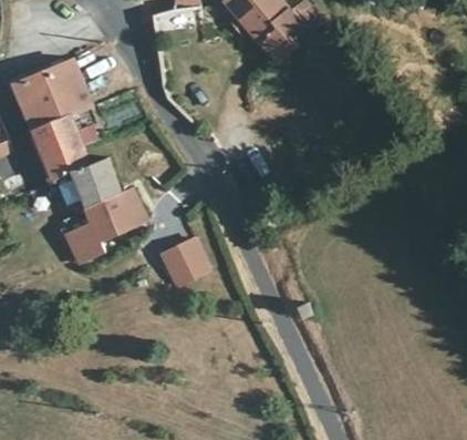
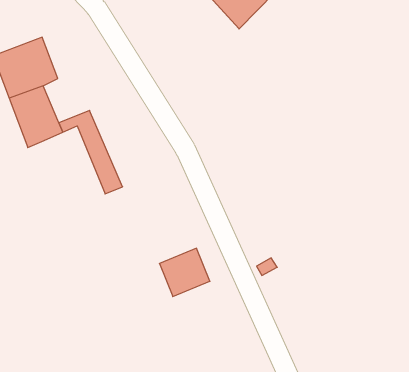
building: [71,166,136,267] -> none
building: [154,233,208,285] -> [159,248,210,297]

